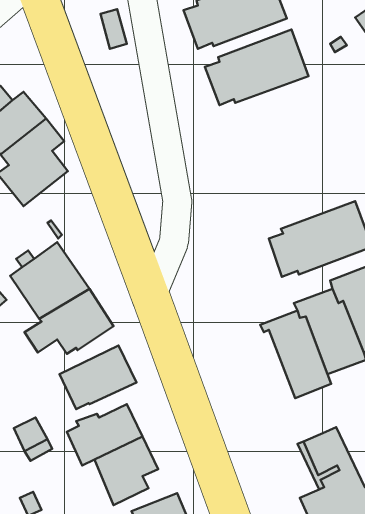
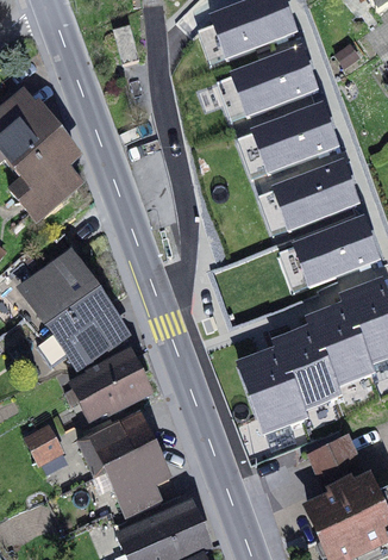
building: none -> [237,99,339,174]
building: none -> [258,157,361,231]
building: none -> [236,341,308,433]

